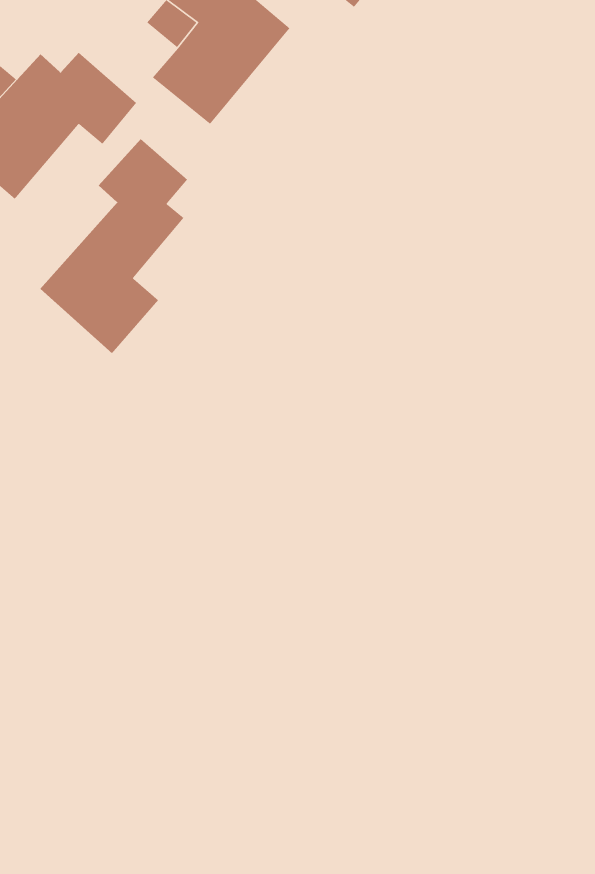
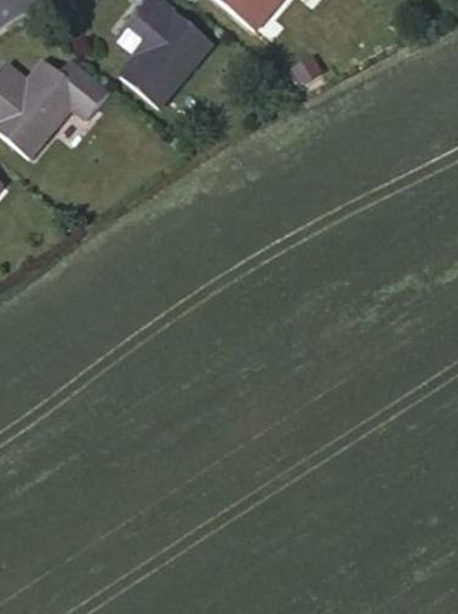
building: [40,138,188,354] -> none

